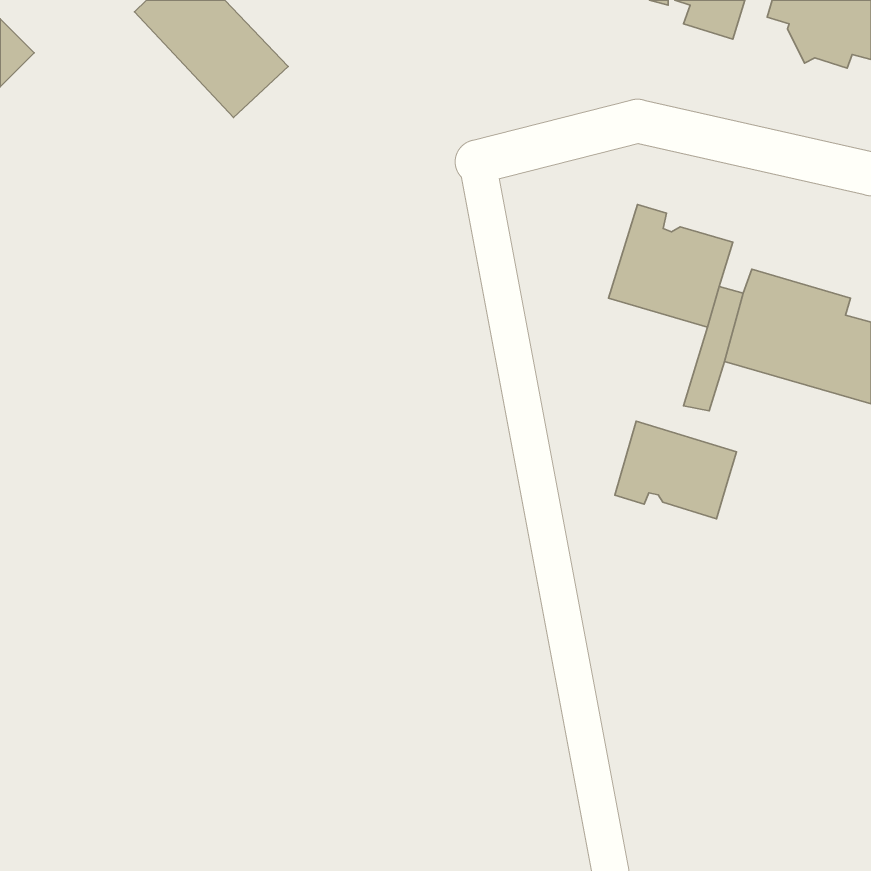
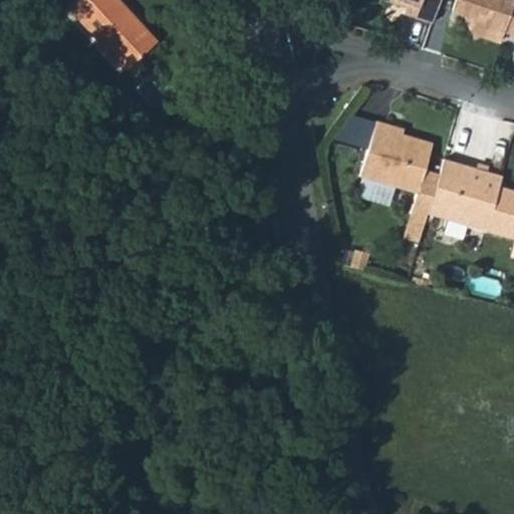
building: [615,421,737,519] -> none

